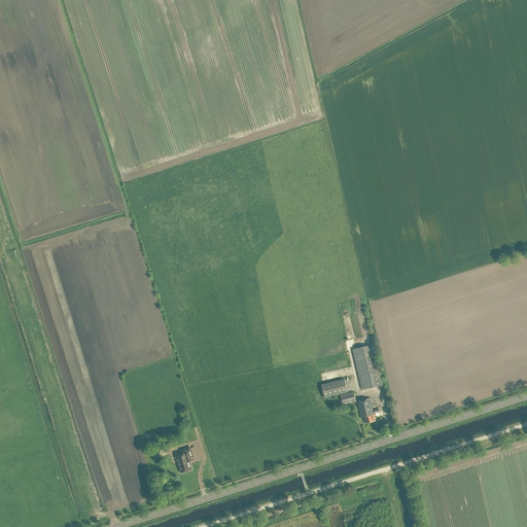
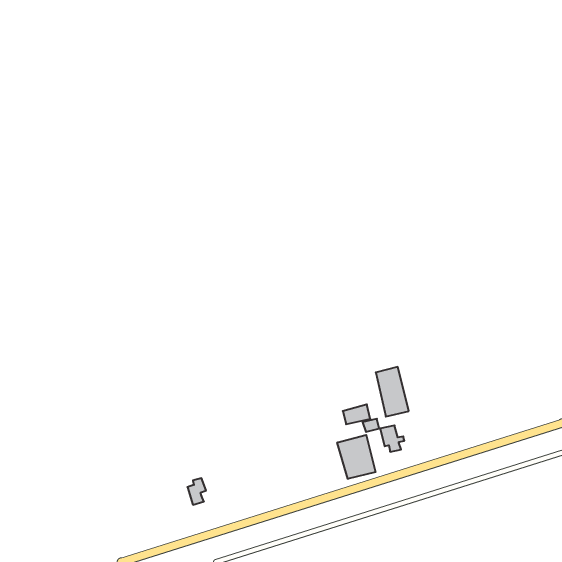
building: none -> [337,435,376,479]

